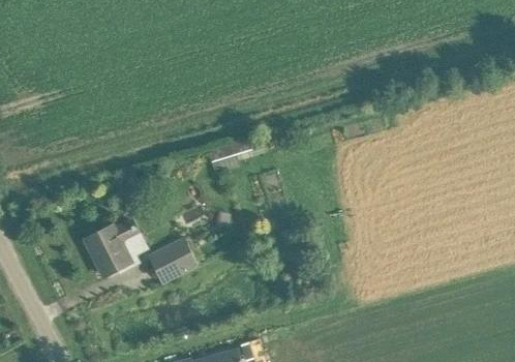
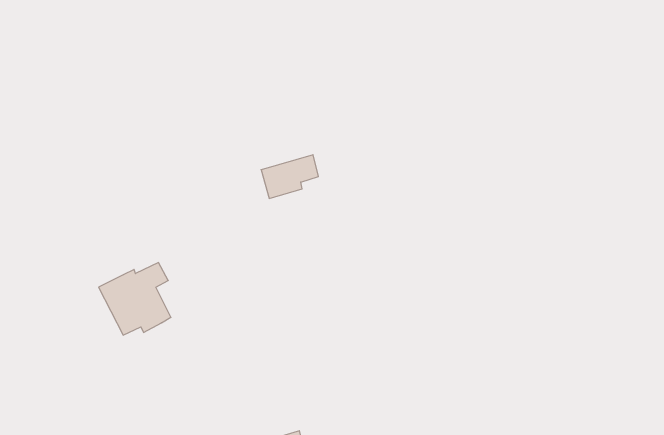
building: [148,238,196,282] -> none

